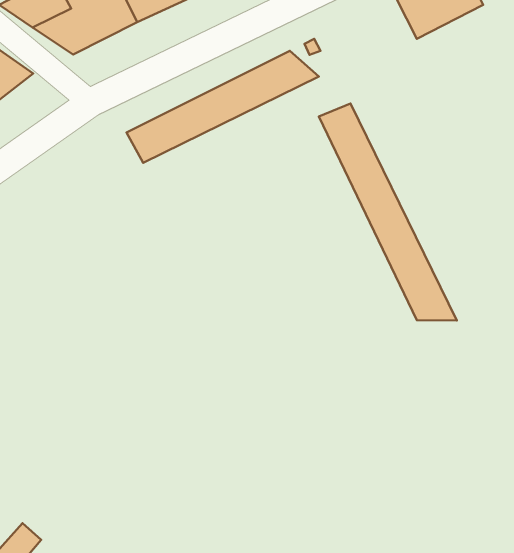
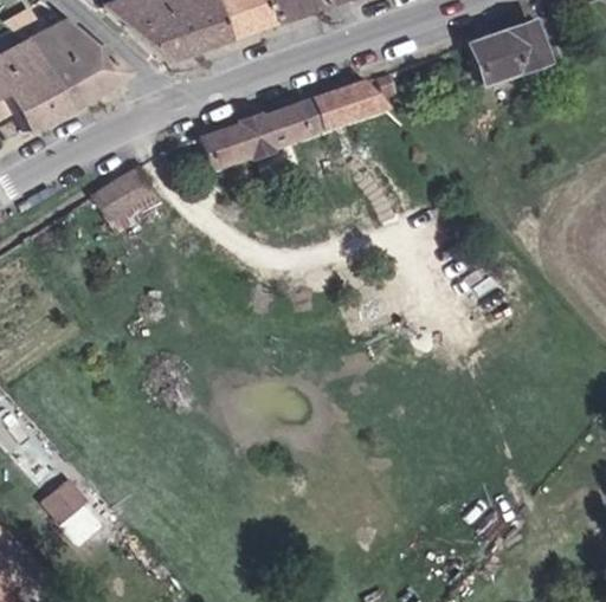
building: [319,103,457,320] -> none
building: none -> [97,169,154,219]

